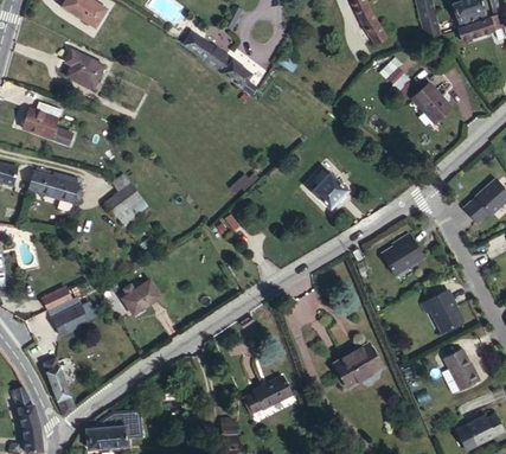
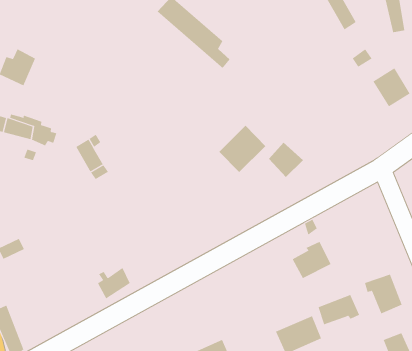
building: [63,52,98,87] -> none
building: none -> [219,125,266,173]
building: [386,236,428,276] -> [292,241,332,279]
building: [121,276,155,311] -> [97,267,131,299]
building: [52,307,88,338] -> none
building: none -> [318,294,360,325]

